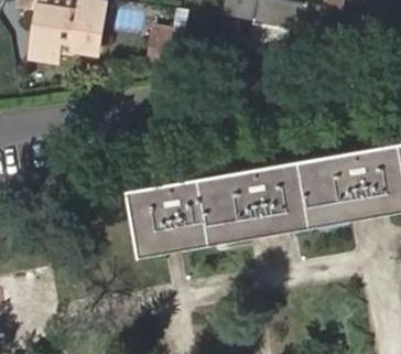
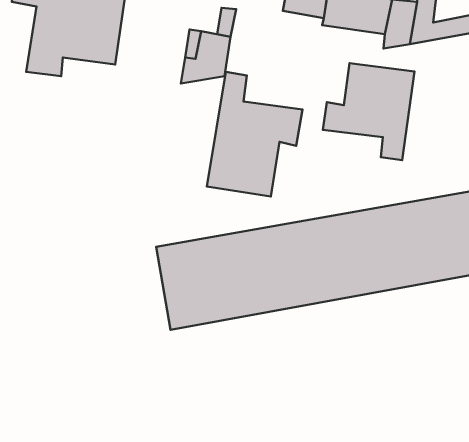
building: none -> [323,63,414,160]
building: none -> [207,72,302,196]

